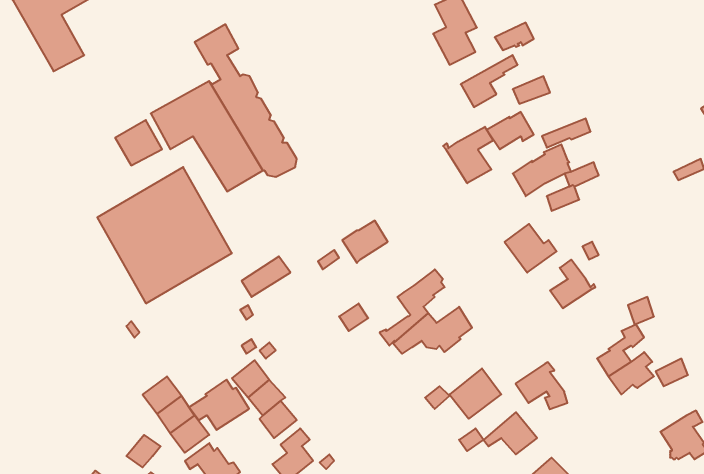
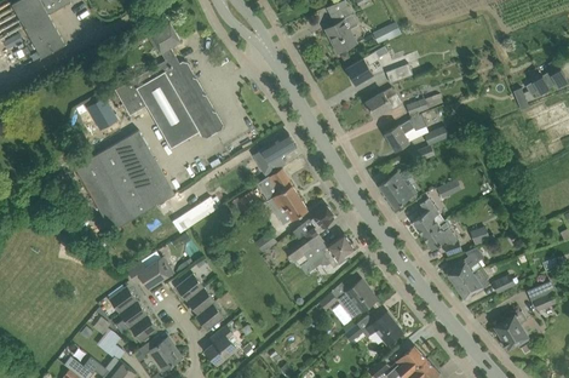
building: [443,127,493,183] -> none
building: none -> [252,133,295,177]
building: none -> [270,185,306,220]
building: [516,362,567,409] -> [421,219,460,254]
building: [189,380,249,430] -> [127,251,172,288]

